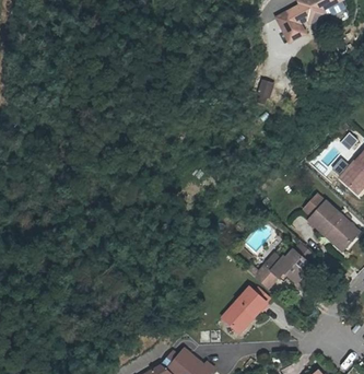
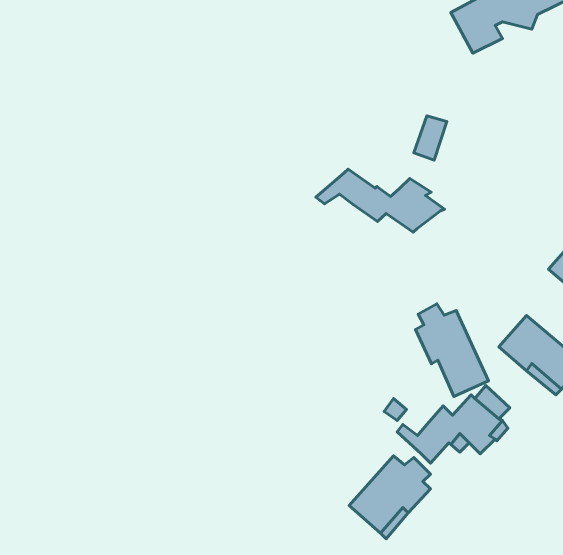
building: none -> [316,169,444,232]
building: none -> [415,304,488,396]

